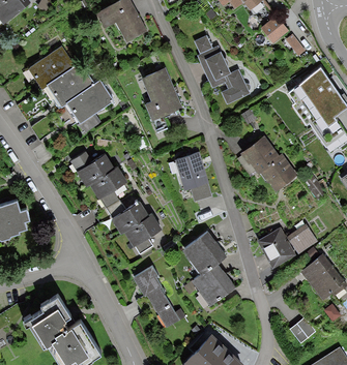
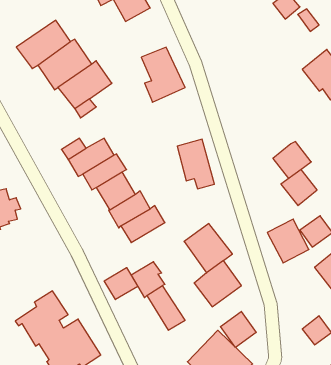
building: [194,35,252,107] -> none
building: [247,140,280,173] -> [281,170,317,206]
building: none -> [104,268,138,300]
building: none -> [220,311,256,347]

